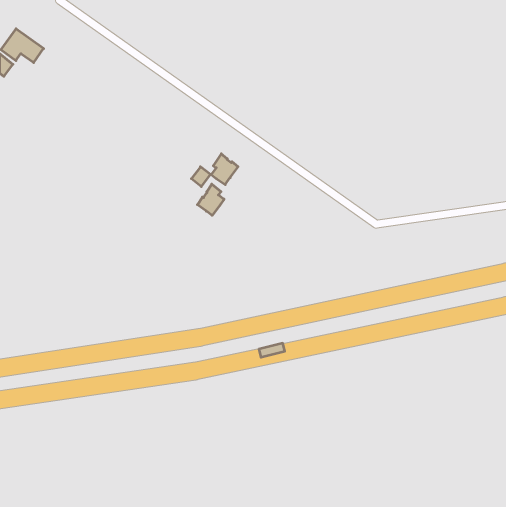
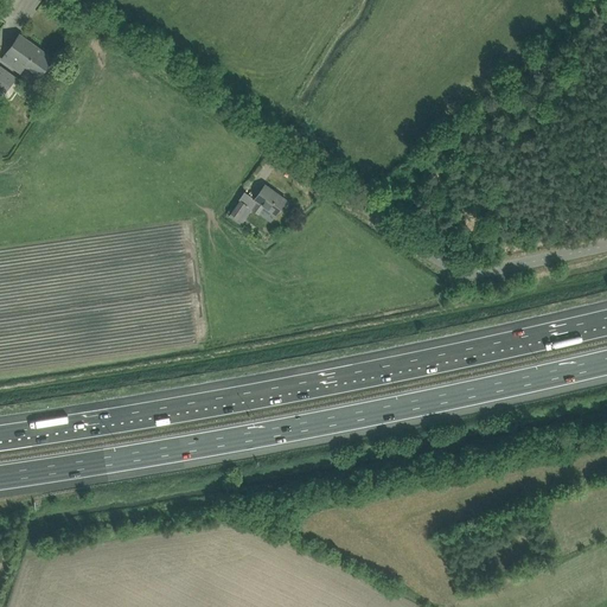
building: [197,184,224,215] -> none

